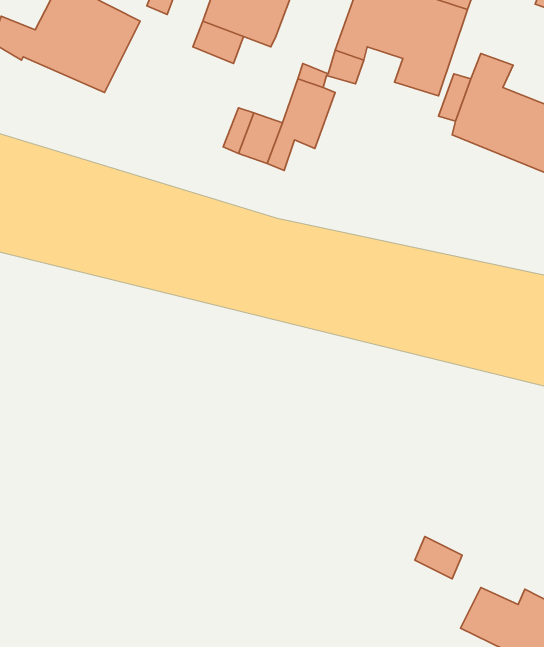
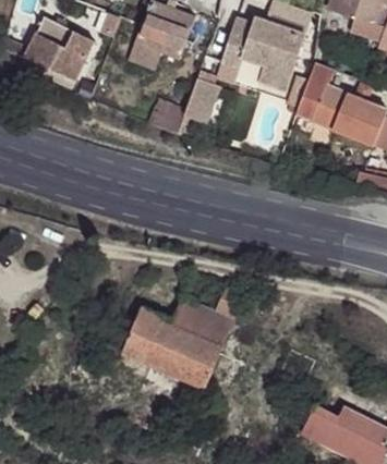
building: none -> [101,280,245,387]

